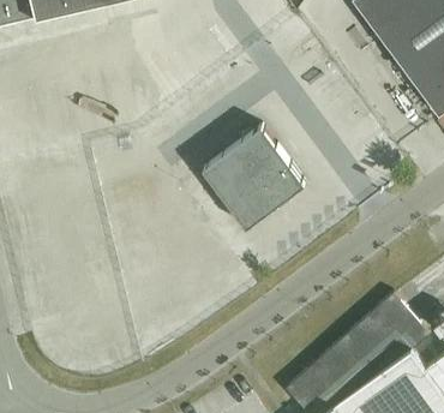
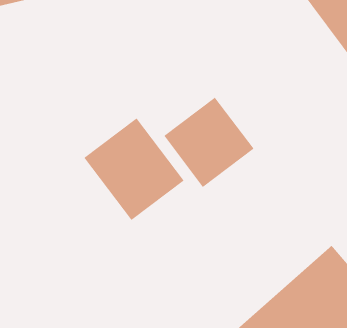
building: none -> [84,117,185,221]

